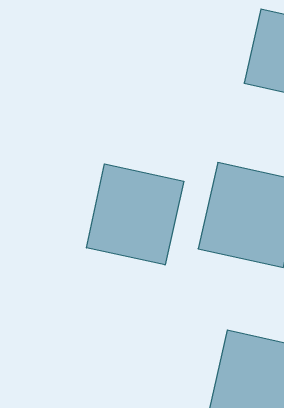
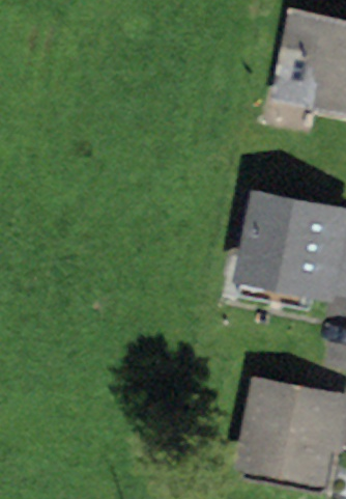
building: [87,164,184,265] -> none

